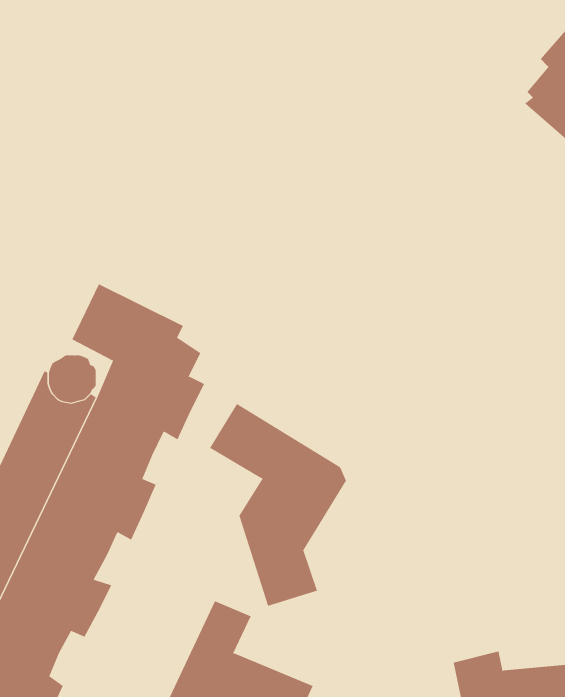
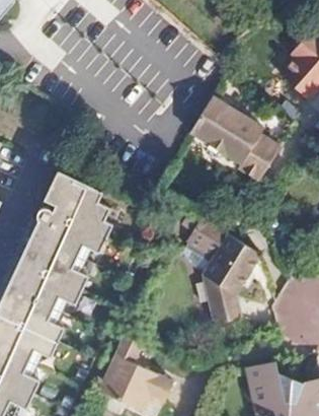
building: none -> [191,92,281,182]
building: [209,403,347,606] -> [185,220,257,327]

